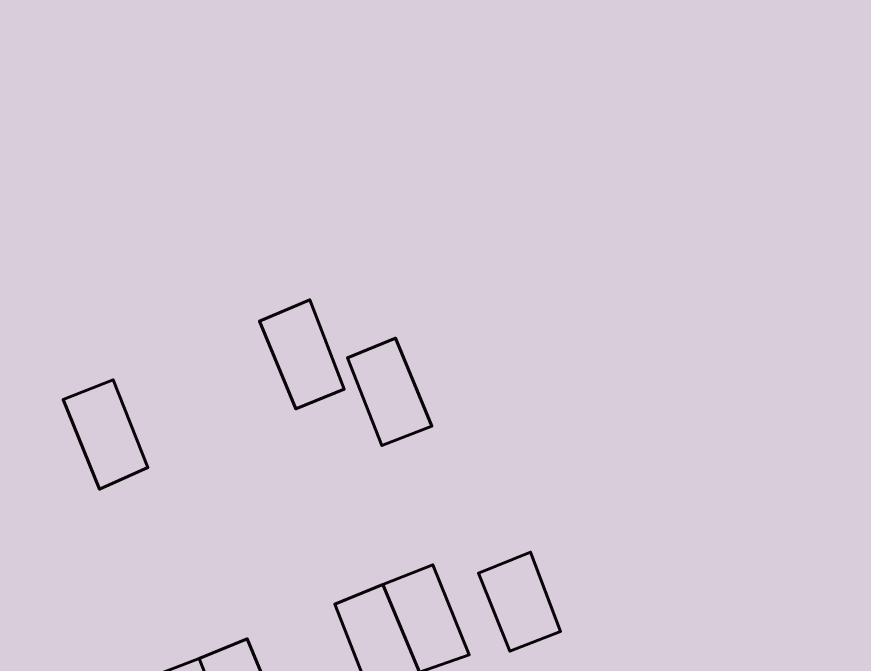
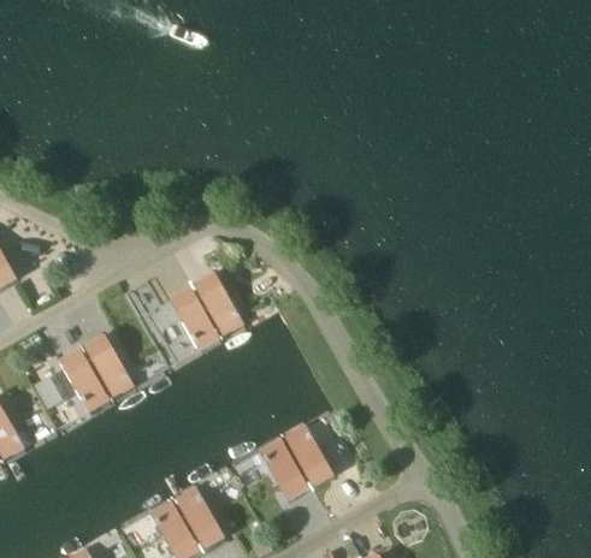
building: [347,338,432,445] -> [159,289,215,355]
building: none -> [46,351,102,419]
building: [478,552,560,651] -> none

